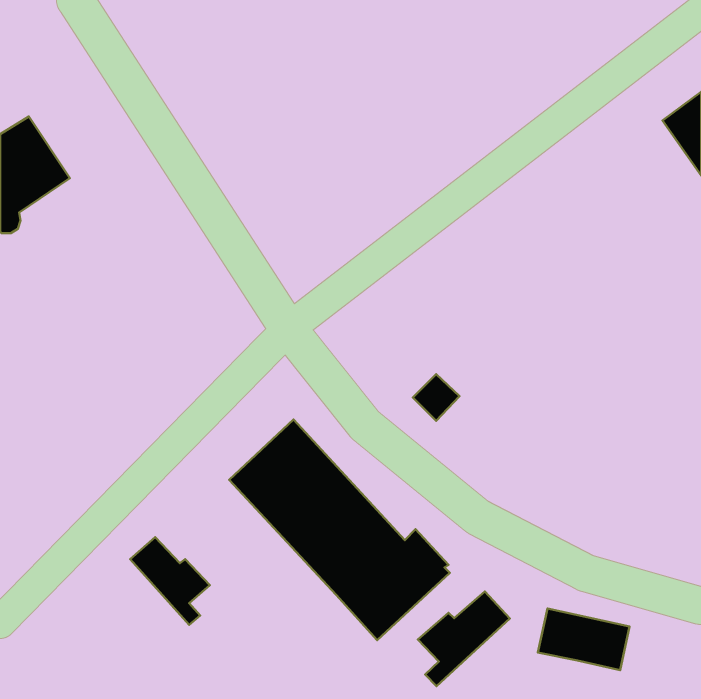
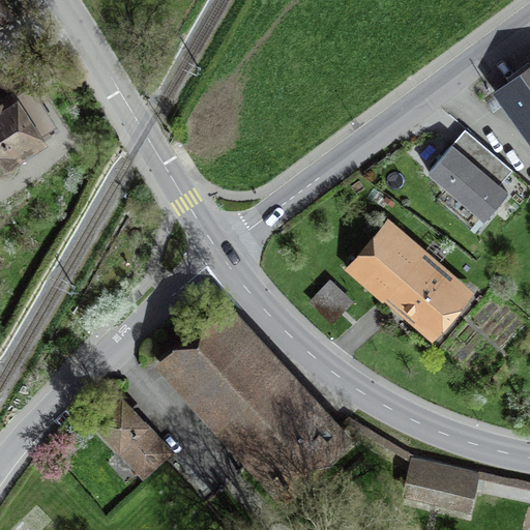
building: none -> [429,135,508,220]
building: none -> [348,223,459,328]
building: [418,591,510,686] -> none

